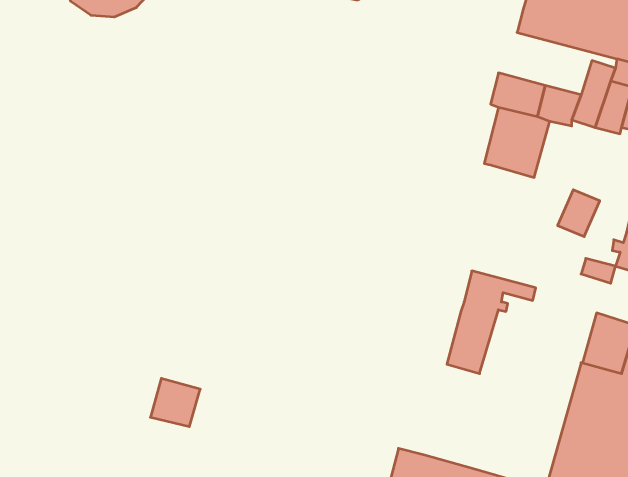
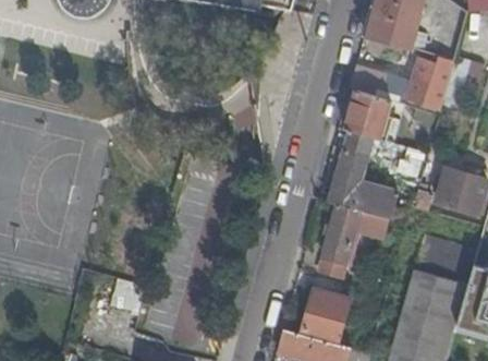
building: none -> [328,130,395,218]
building: none -> [302,289,349,342]

